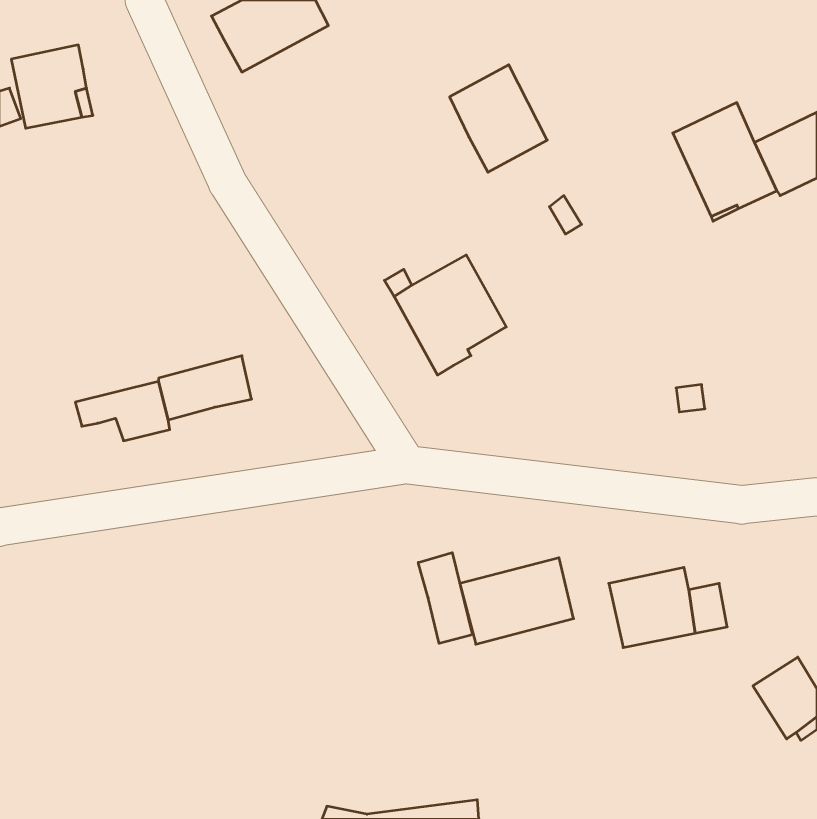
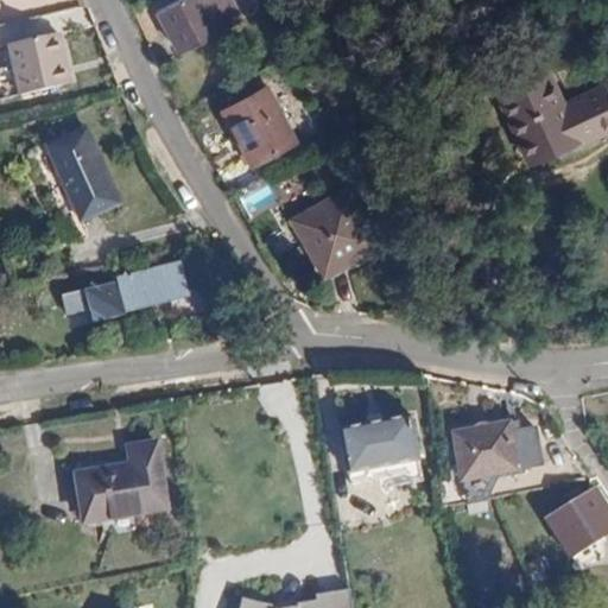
building: [450,65,547,172] -> [222,86,294,165]
building: none -> [46,129,119,222]
building: [418,553,472,643] -> none
building: none -> [71,425,164,513]

